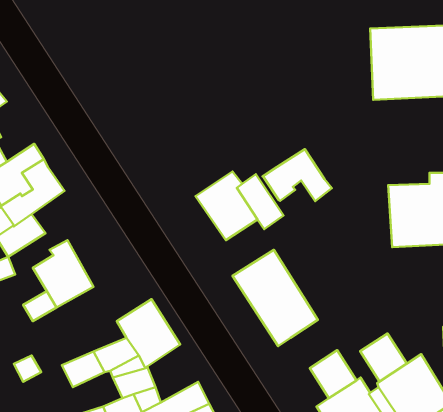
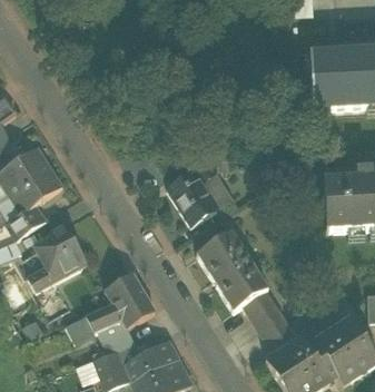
building: [262,149,332,201] -> none
building: [360,333,407,382] -> [245,287,283,326]

